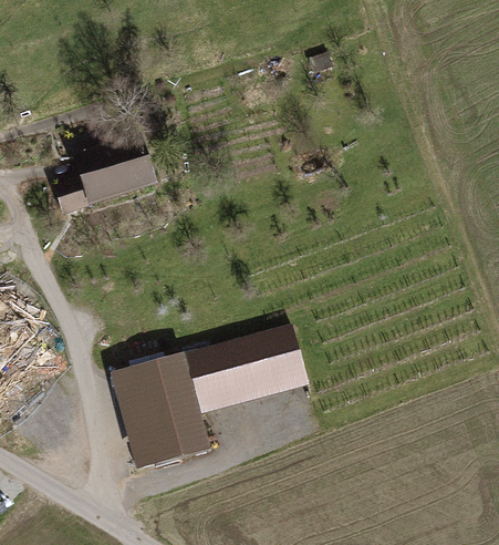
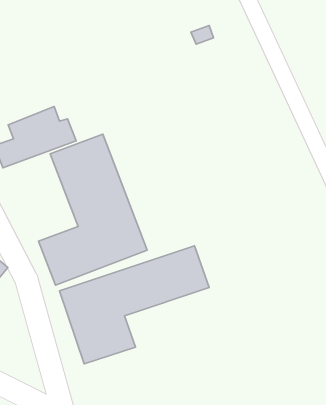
building: none -> [38,134,147,285]

